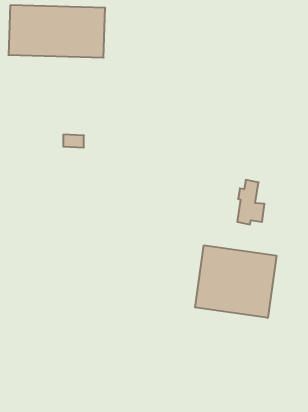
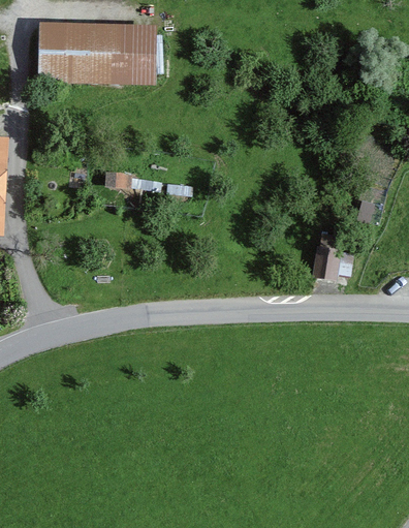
building: [195,245,276,318] -> none

